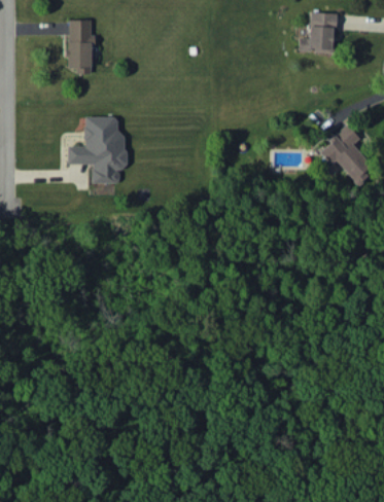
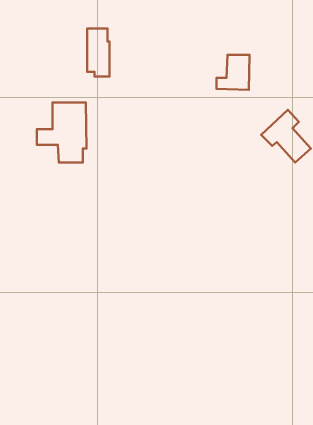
building: [299,12,336,51] -> [216,55,250,90]
building: [68,20,93,73] -> [87,29,109,77]

